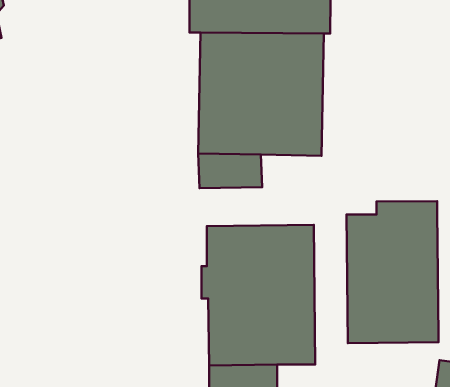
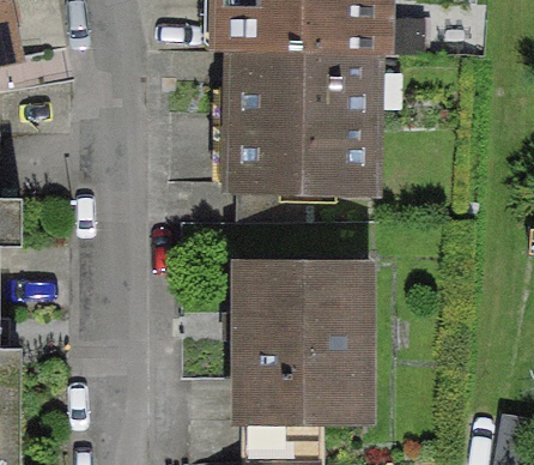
building: [346,201,438,343] -> none

